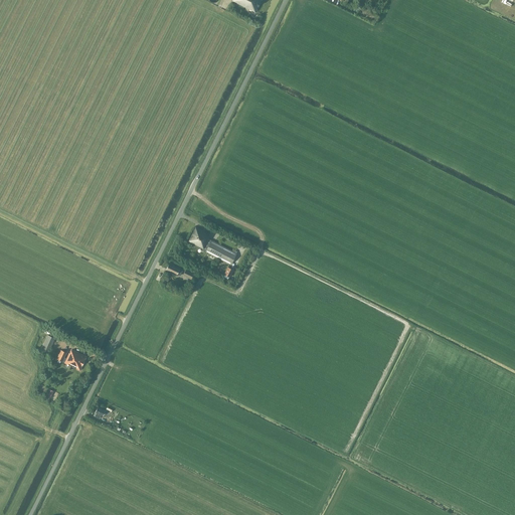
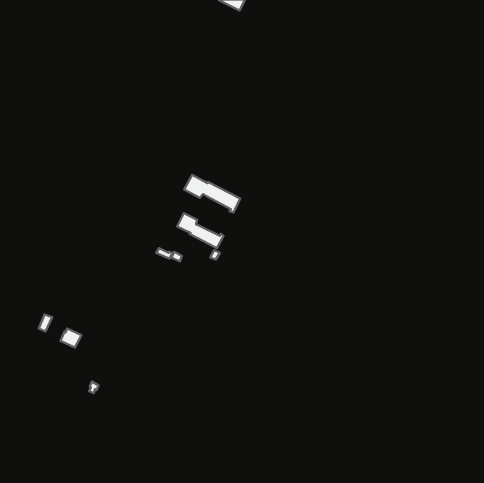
building: none -> [184,175,240,213]

